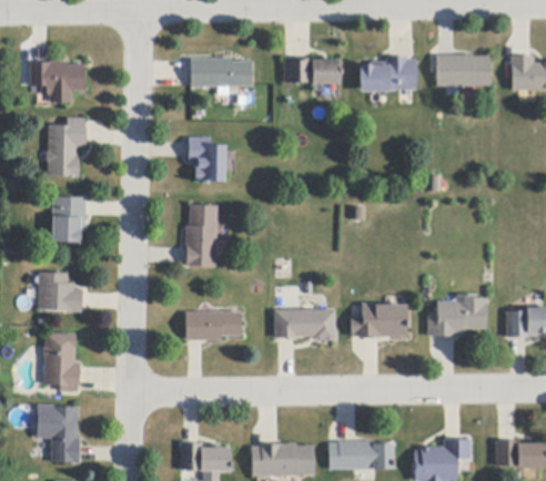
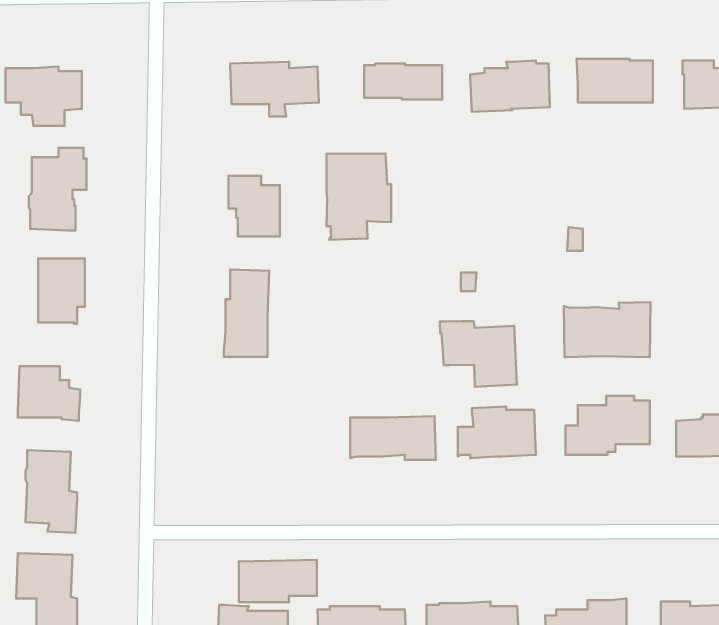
building: none -> [326,153,391,240]
building: none -> [564,302,651,357]
building: none -> [440,321,517,387]
building: [186,310,242,340] -> [239,560,317,602]

